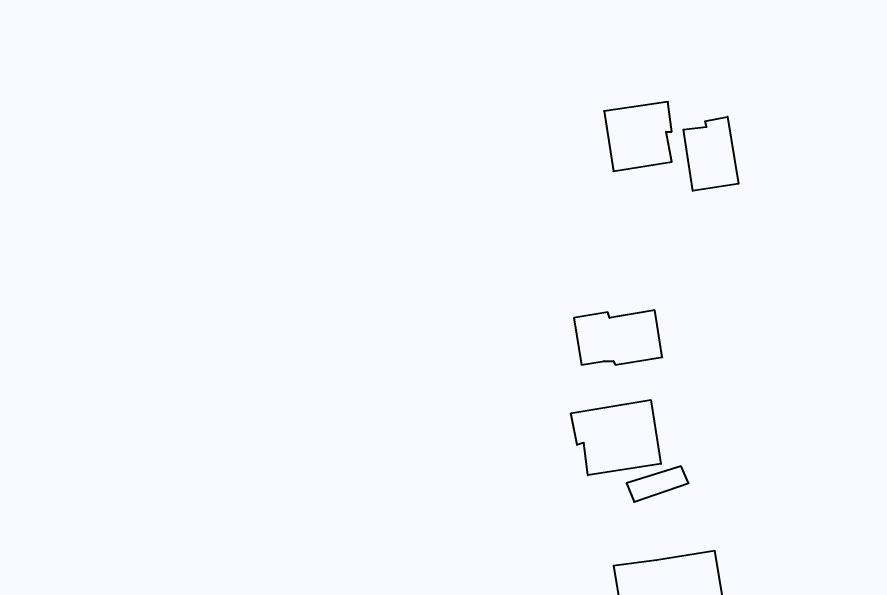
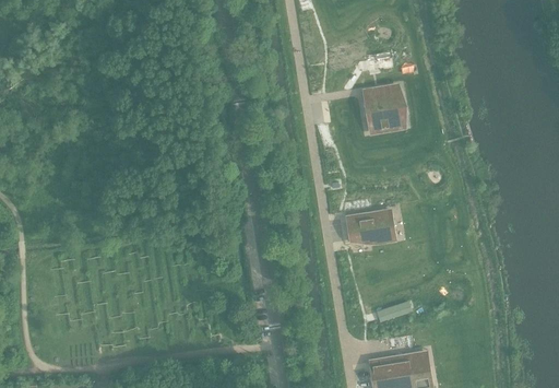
building: [683,117,739,191] -> none
building: [571,400,661,475] -> none

